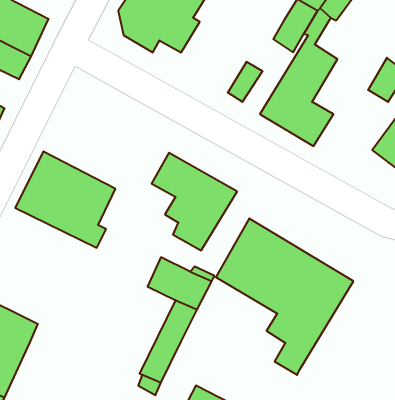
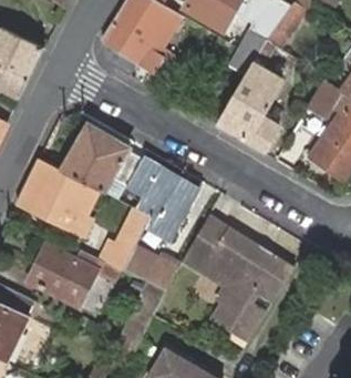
building: none -> [63,126,142,200]
building: none -> [97,207,149,270]
building: none -> [28,245,96,305]

